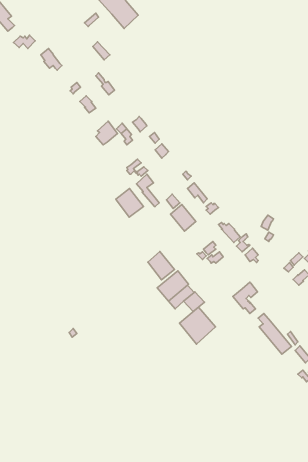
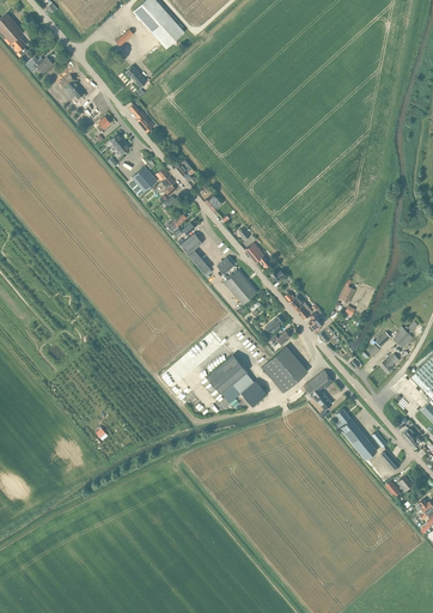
building: [116,188,144,217] -> none
building: [148,252,175,280] -> none
building: [180,307,216,344] -> [262,346,307,393]

